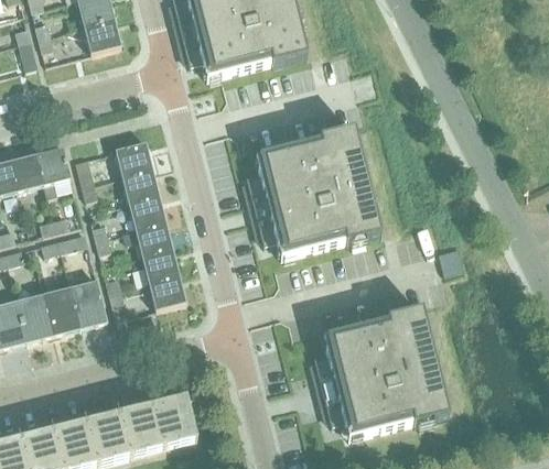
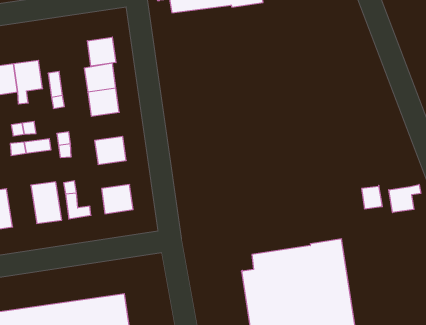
building: none -> [87,37,116,66]
building: [246,129,380,257] -> none
building: [128,194,165,228] -> none
building: none -> [389,184,421,213]
building: [141,247,179,281] -> none
building: [42,285,79,334] -> none

